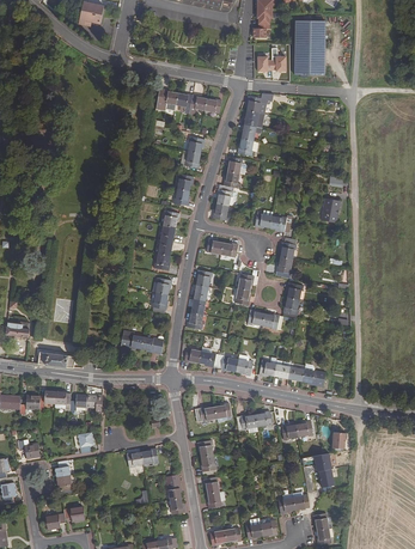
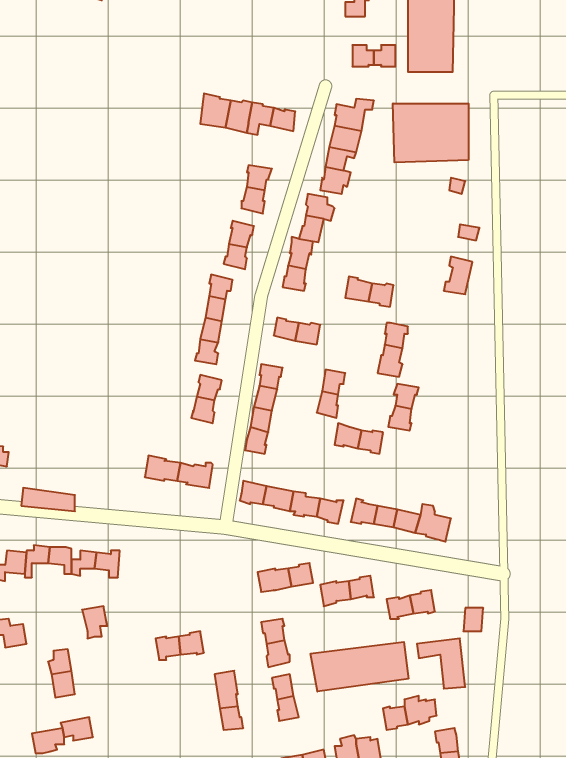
building: none -> [393,103,468,162]
building: none -> [311,642,408,692]

